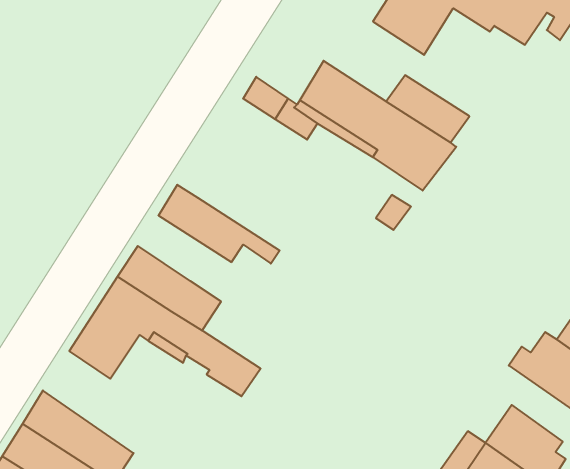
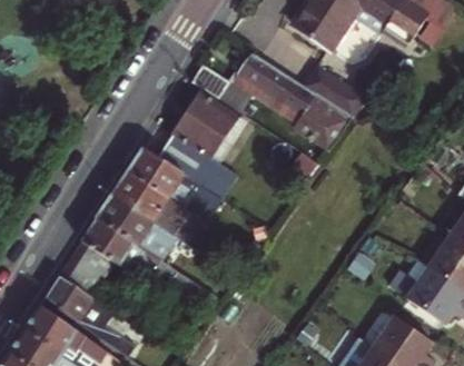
building: none -> [157,92,237,197]
building: none -> [111,170,214,241]
building: none -> [43,274,137,356]

